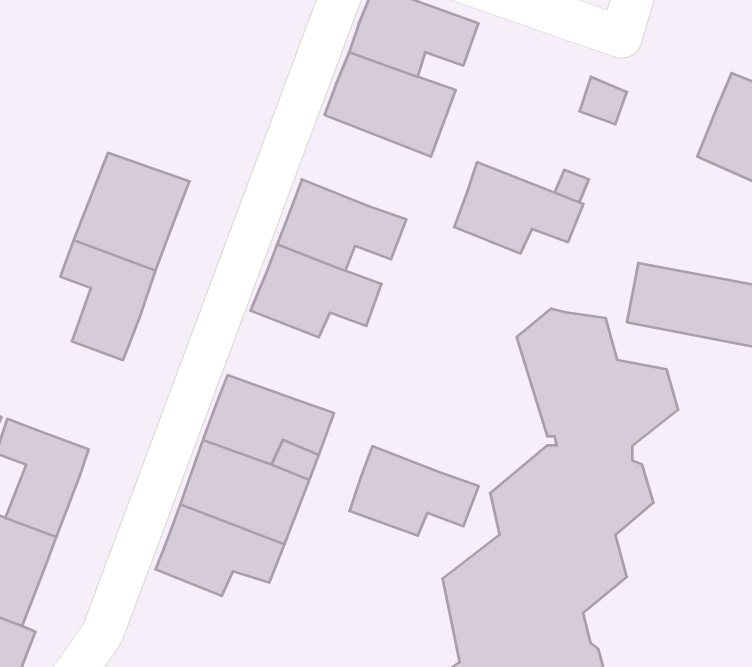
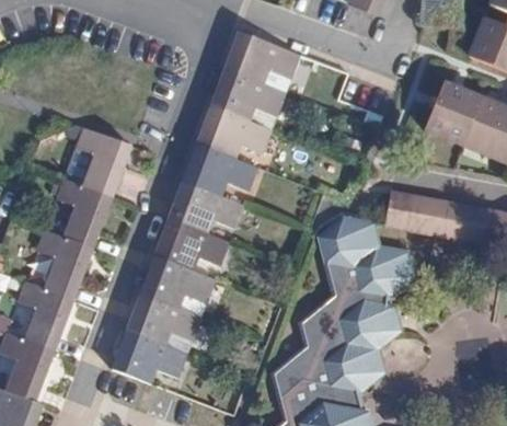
building: [454,162,583,253] -> [196,106,270,159]
building: none -> [38,230,93,299]
building: [349,446,479,536] -> [153,219,228,270]

